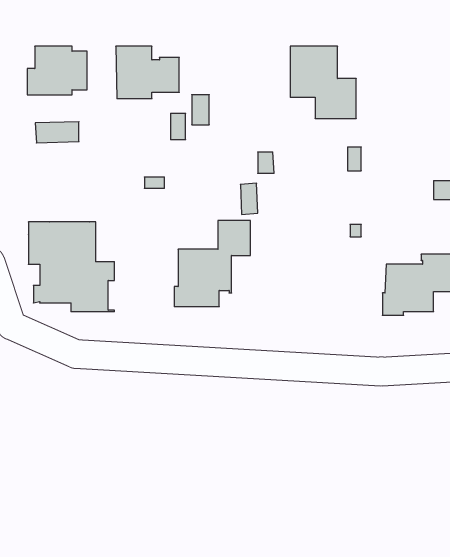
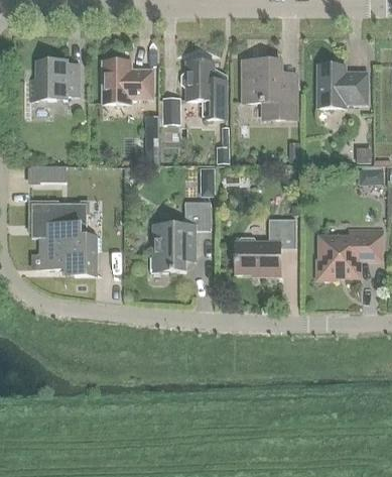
building: none -> [180,59,227,118]
building: none -> [316,64,368,106]
building: [35,122,79,143] -> [30,164,66,182]
building: none -> [235,218,295,274]

